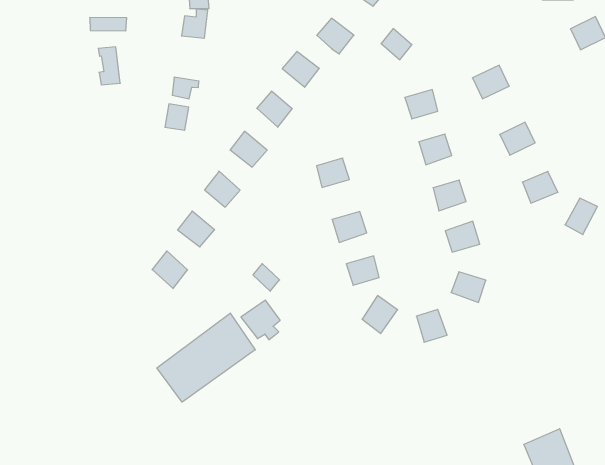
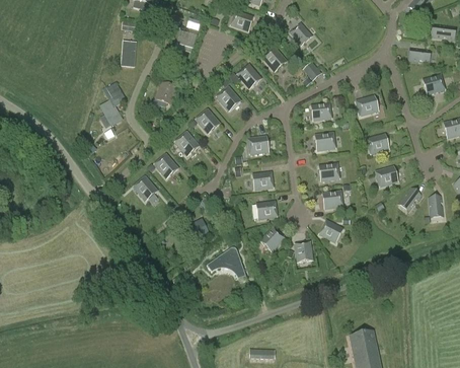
building: none -> [101,83,125,124]
building: [157,313,255,402] -> none
building: none -> [206,250,244,275]

